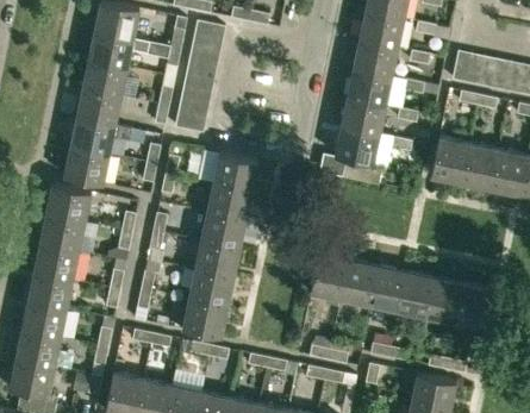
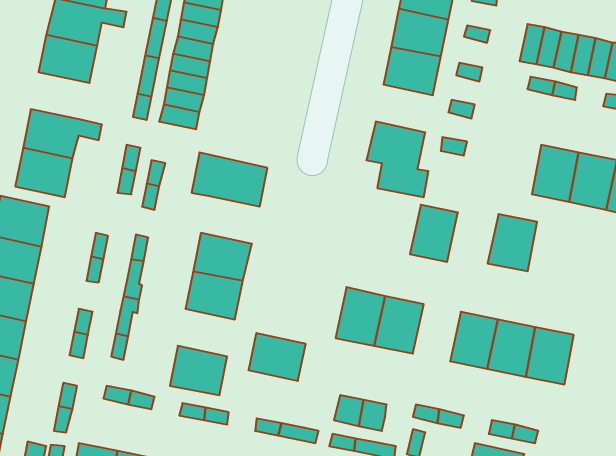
building: [76,87,121,124] -> none
building: [342,96,386,133] -> none
building: [431,137,469,181] -> [488,214,537,271]
building: [207,182,252,219] -> none
building: [370,265,407,309] -> [410,205,458,262]
building: [189,269,233,306] -> [248,333,306,381]

